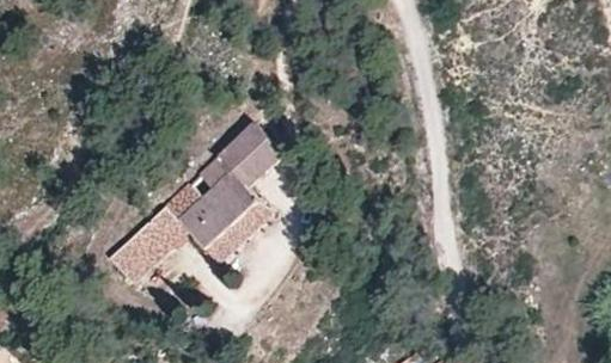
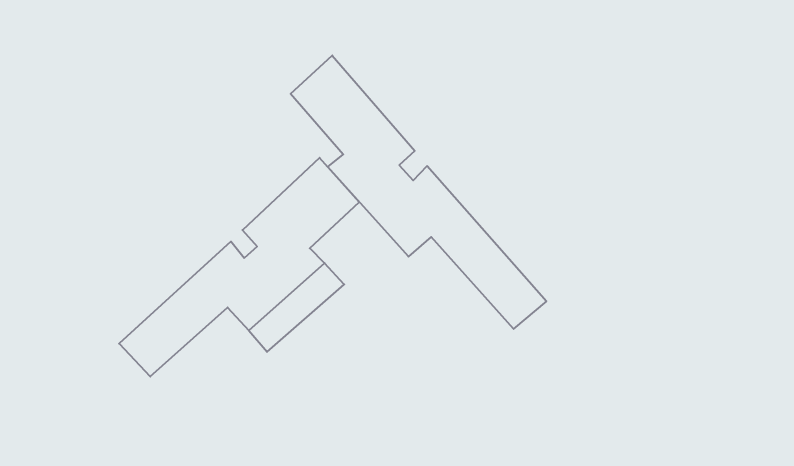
building: none -> [291,55,546,329]

